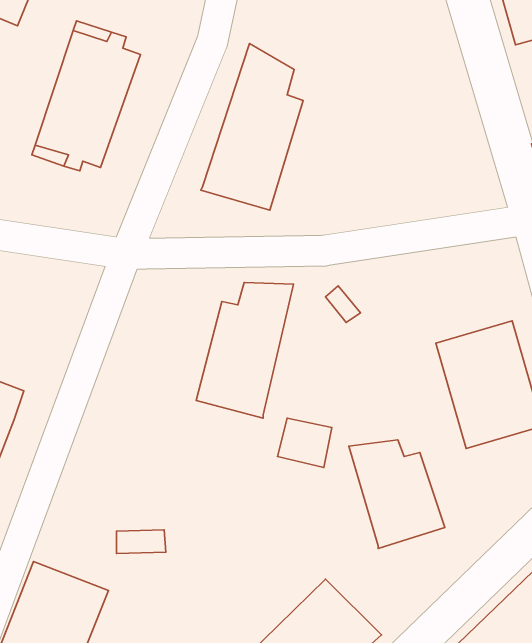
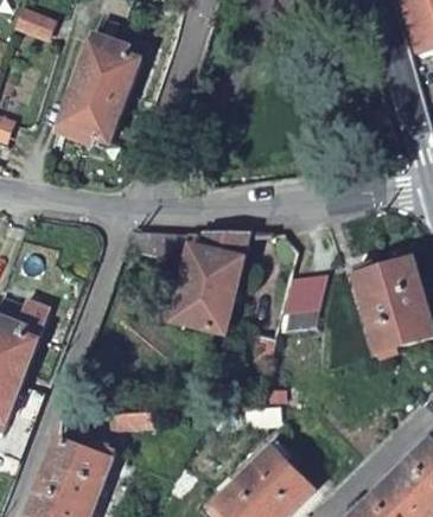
building: [201,44,303,210] -> none
building: none -> [284,280,326,317]
building: [349,440,445,548] -> none

